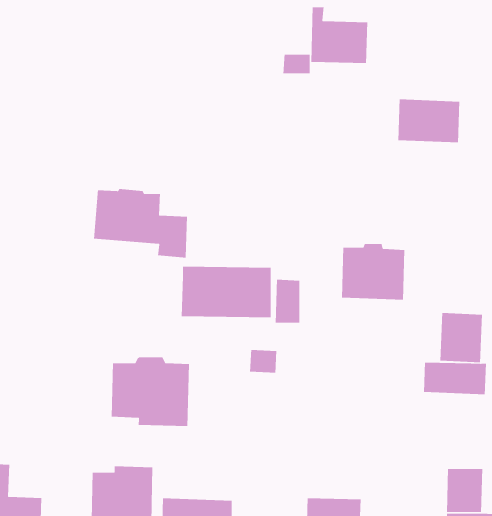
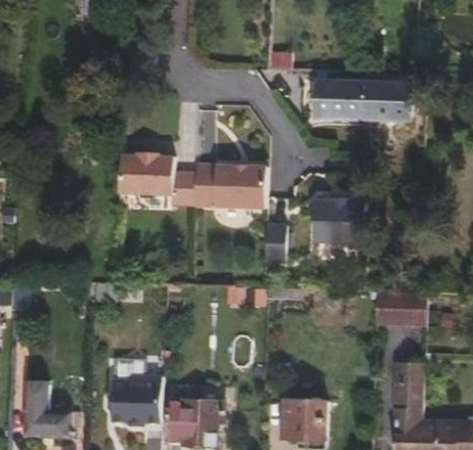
building: [311,6,368,64] -> [311,69,357,115]
building: [181,266,272,318] -> [187,167,260,209]
building: [439,312,483,363] -> none
building: [111,357,190,427] -> none

